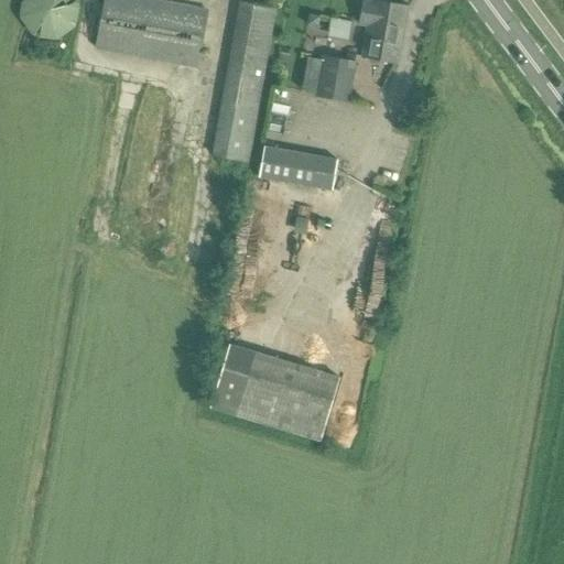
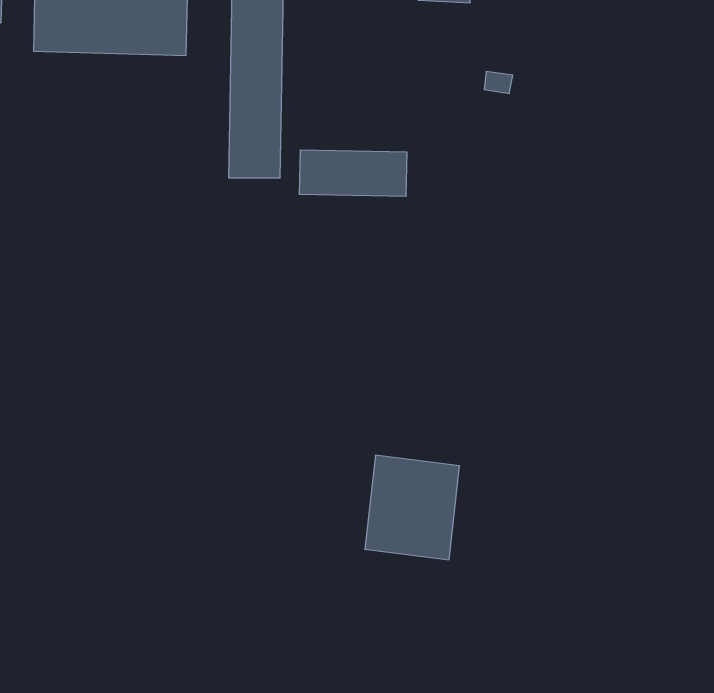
building: [315,55,355,100] -> none
building: [209,344,282,422] -> none

